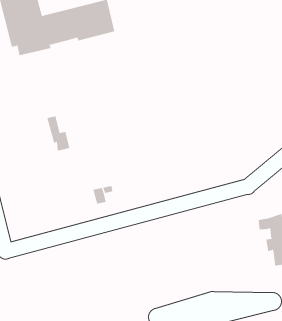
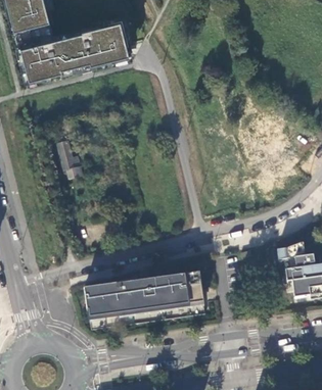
building: none -> [84,271,203,316]

